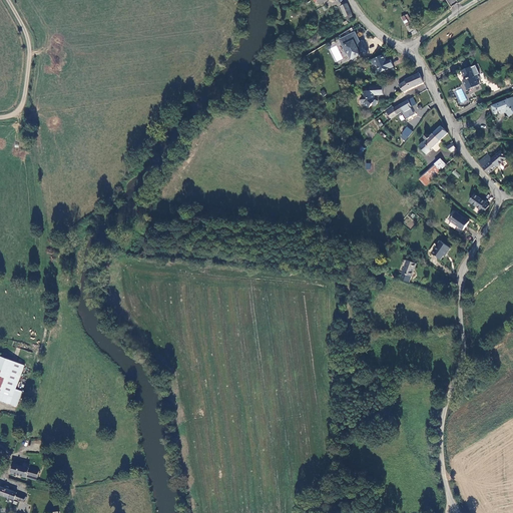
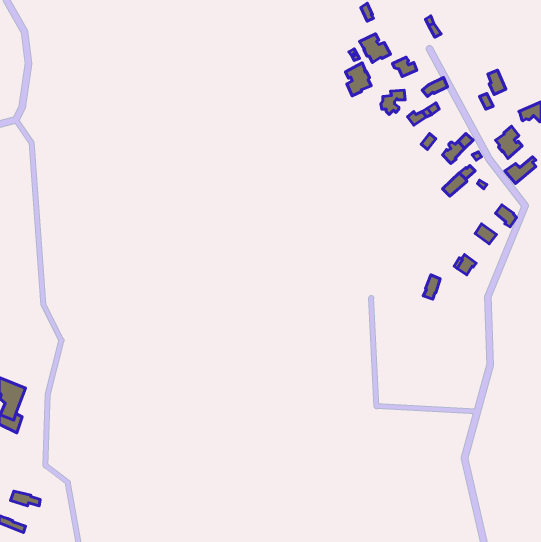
building: none -> [345,63,371,96]
building: none -> [495,126,522,158]

